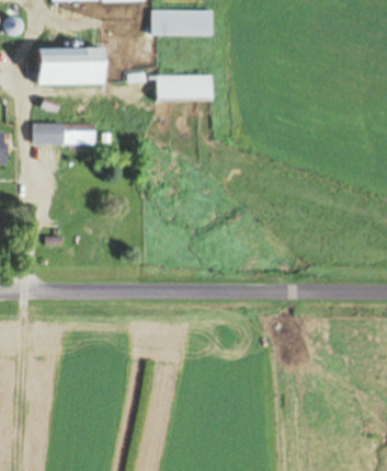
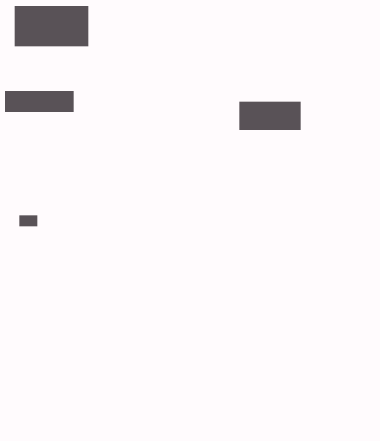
building: [157,74,214,101] -> [238,101,302,130]

